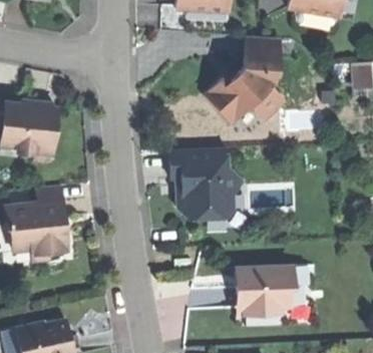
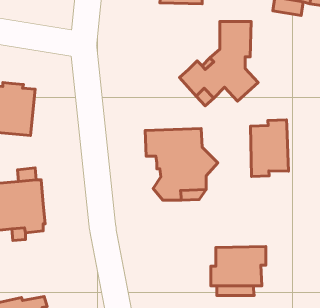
building: none -> [250,120,289,176]

